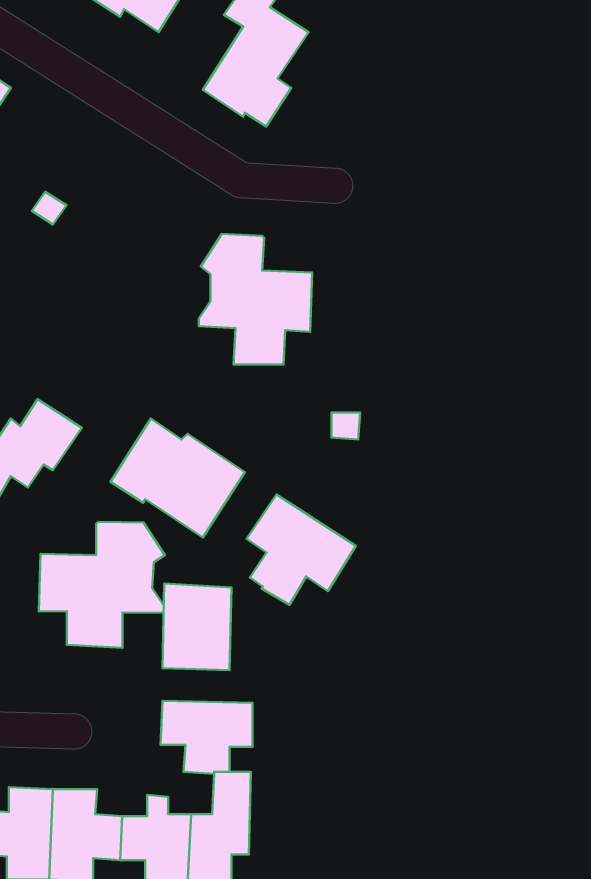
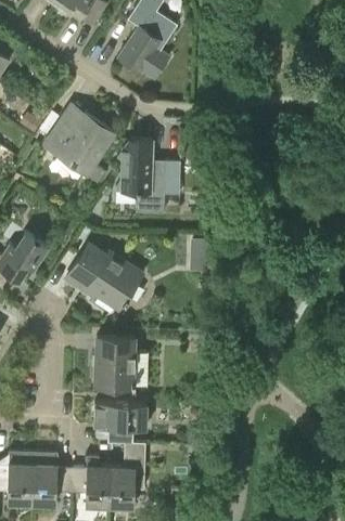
building: none -> [44,113,114,183]
building: [247,494,356,605] -> none
building: [39,522,165,648] -> none

